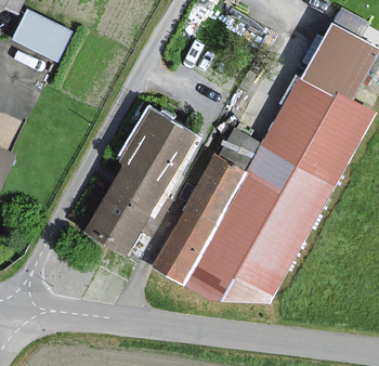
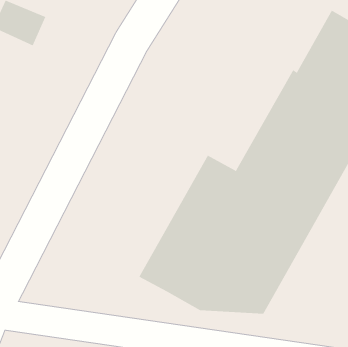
building: [87,116,192,252] -> none

